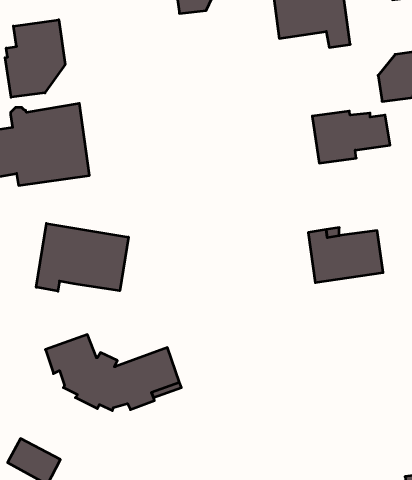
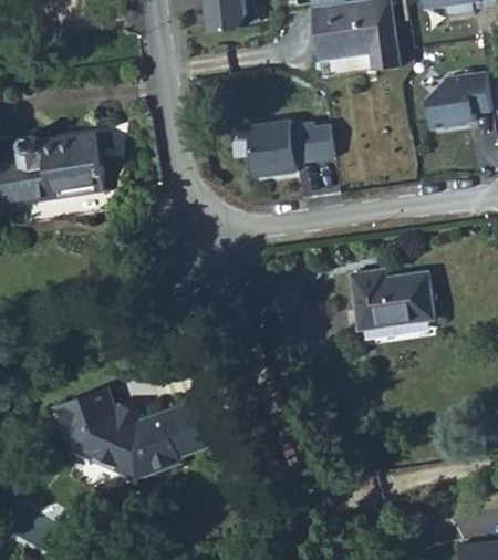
building: [5,20,65,97] -> none
building: [312,111,390,163] -> [247,120,333,177]
building: [36,223,128,291] -> none

